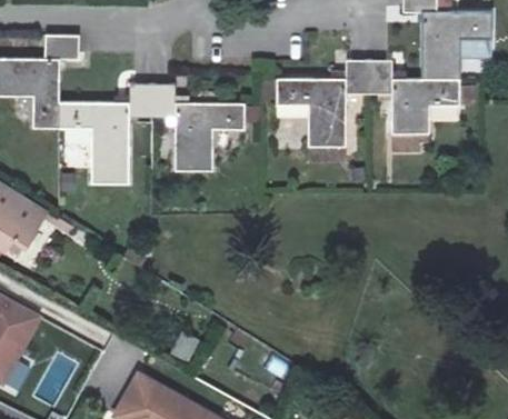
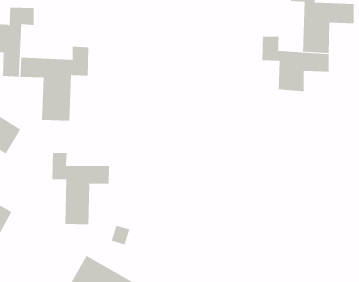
building: [281,74,373,159] -> none
building: [141,90,236,180] -> none
building: none -> [52,152,109,225]

